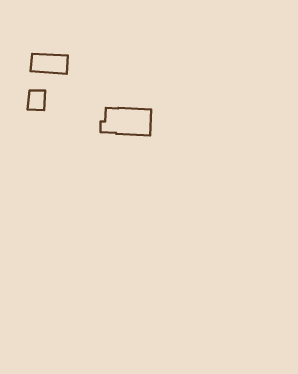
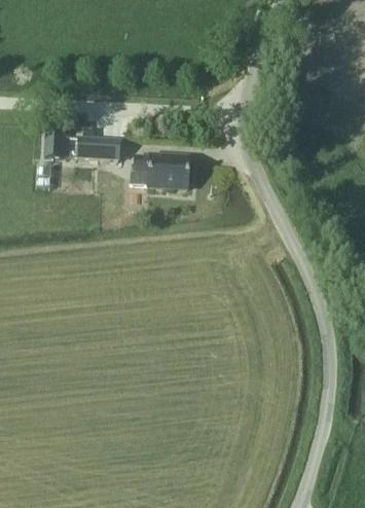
building: [30,54,68,74] -> [75,136,119,159]

